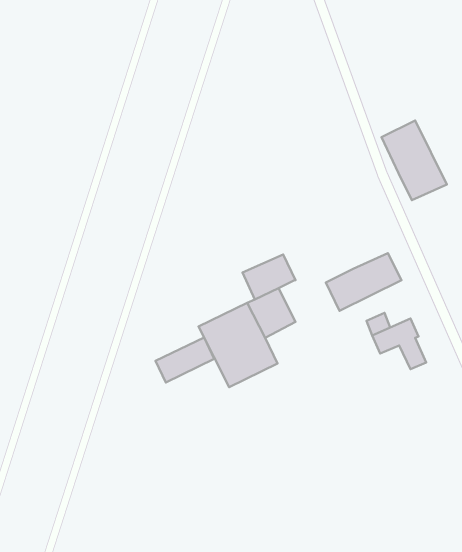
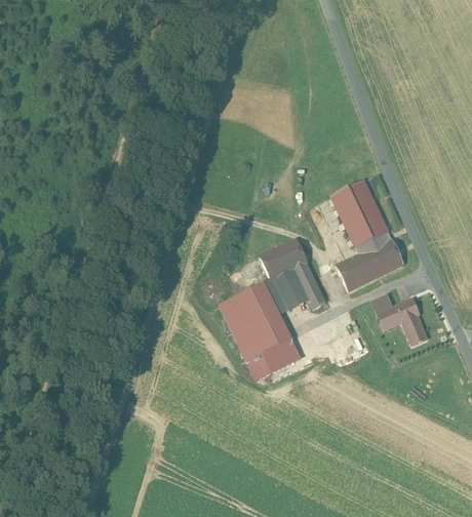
building: [382,120,447,200] -> [331,180,391,252]
building: none -> [291,263,325,309]
building: [156,337,214,382] -> [246,339,300,380]

